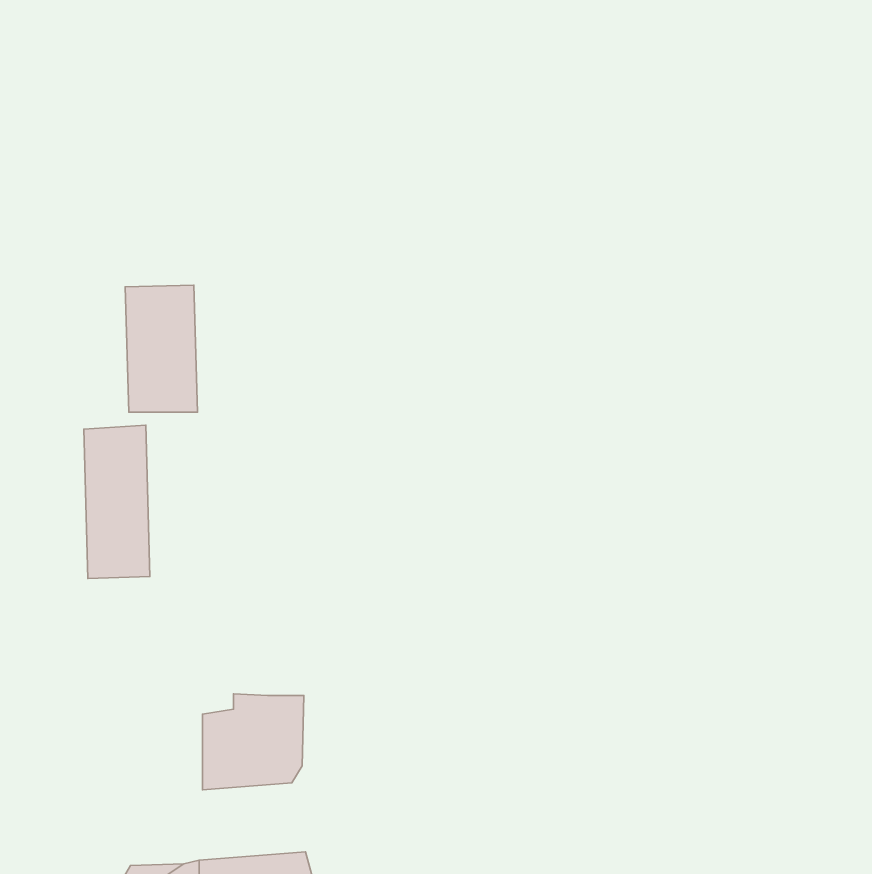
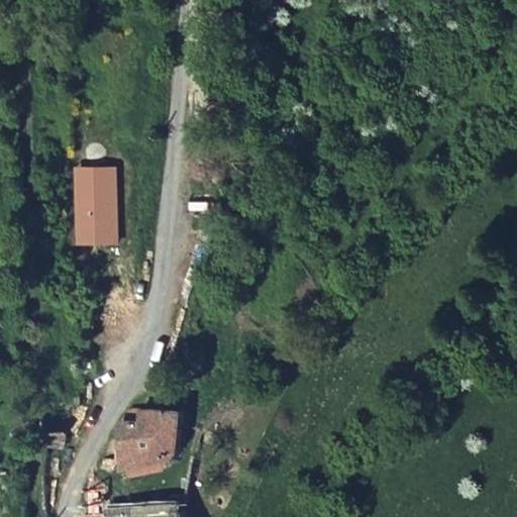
building: [84,425,150,578] -> none

